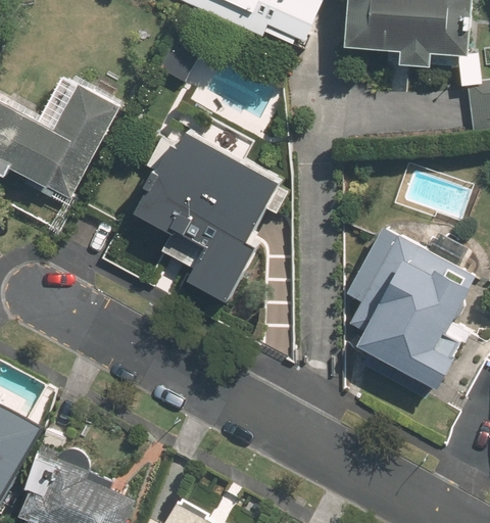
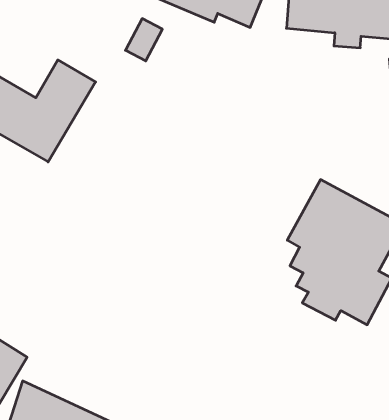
building: [132,133,279,306] -> none

